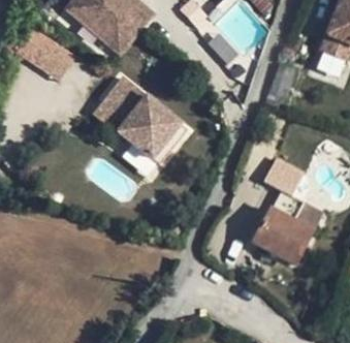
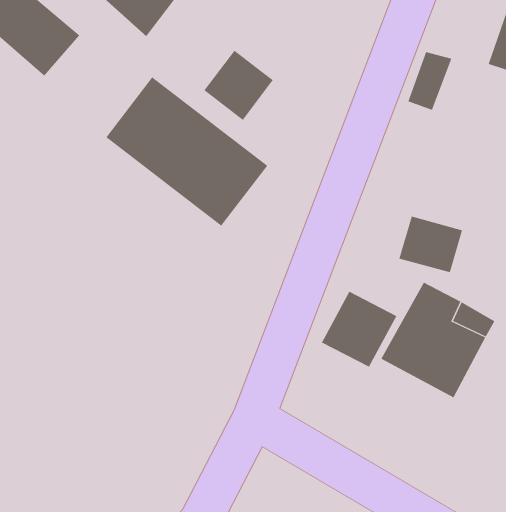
building: none -> [204,50,274,121]
building: none -> [321,291,397,368]

